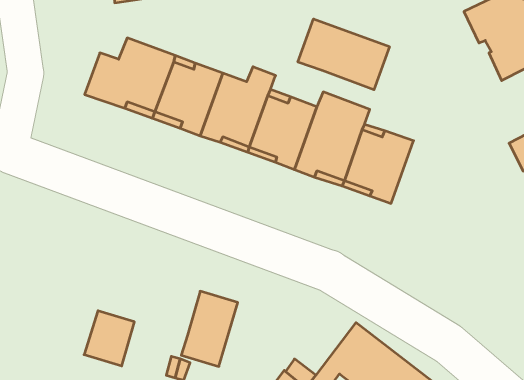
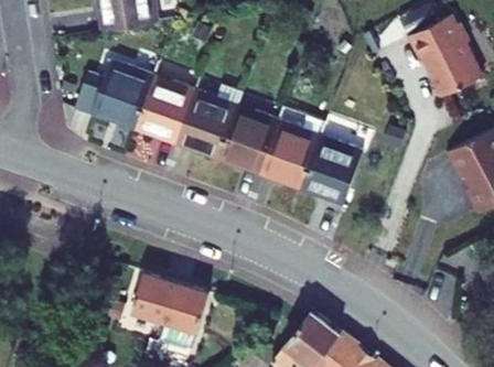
building: [298,19,389,90] -> none
building: [84,311,134,366] -> [132,272,176,321]

